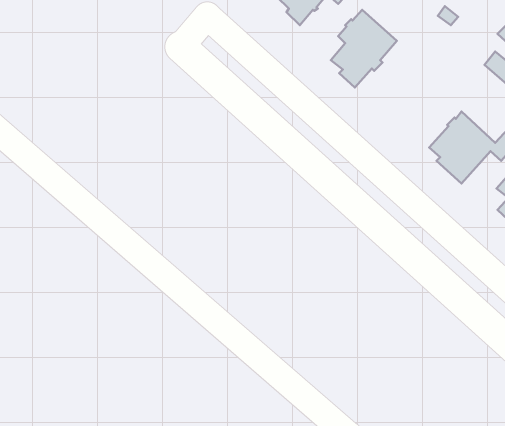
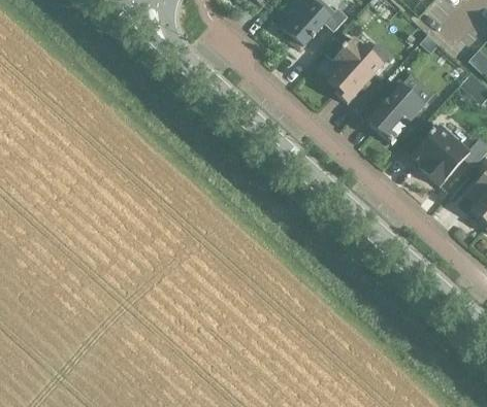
building: none -> [367,82,424,143]

